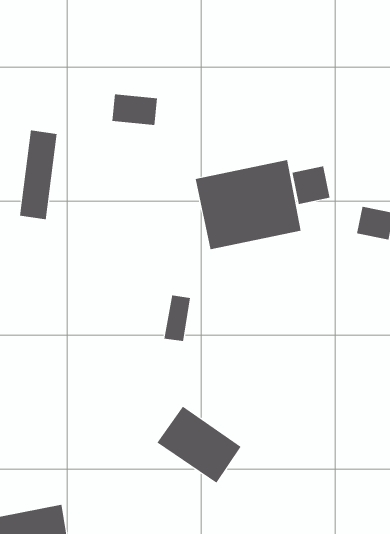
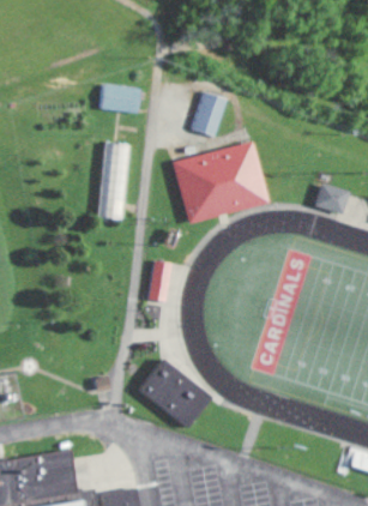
building: none -> [193,94,225,137]
building: [19,130,57,220] -> [97,143,131,222]
building: [292,165,330,205] -> none

